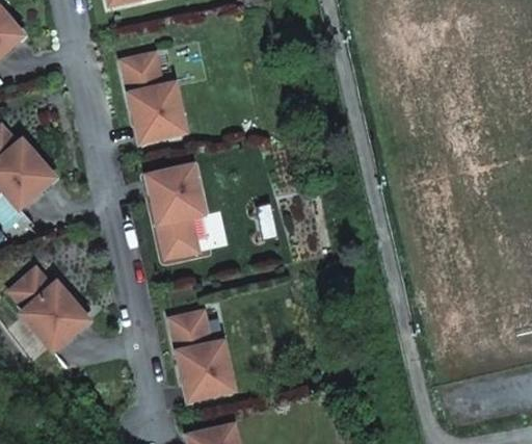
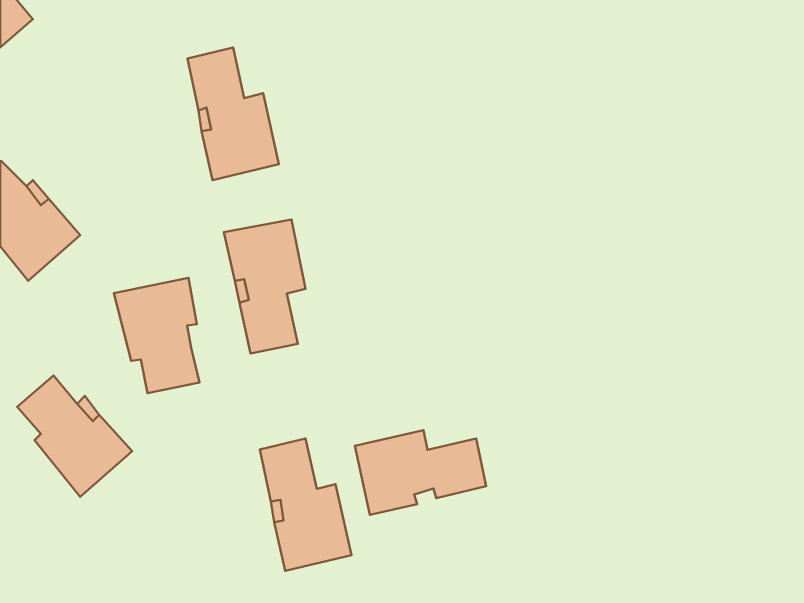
building: none -> [114,278,199,393]
building: none -> [355,430,486,515]

